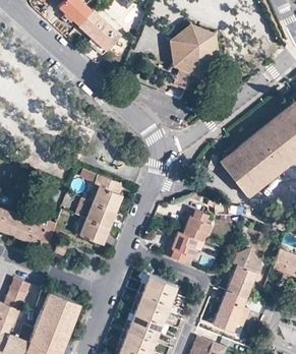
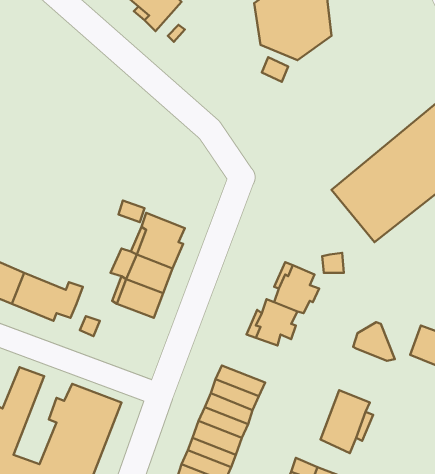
building: [225,264,256,300] -> none

